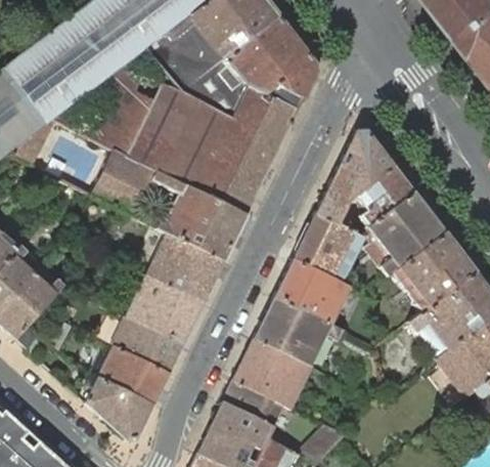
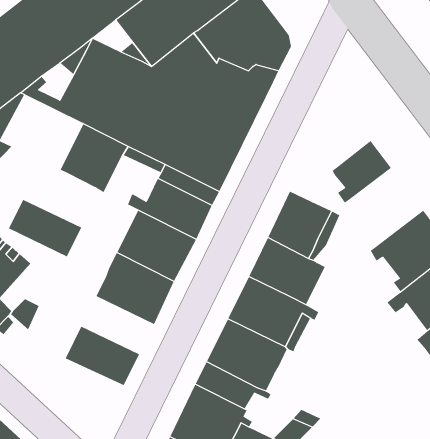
building: [314,129,393,224] -> none
building: [365,192,444,277] -> none
building: [112,316,183,373] -> [8,199,82,257]
building: [84,377,153,441] -> none

